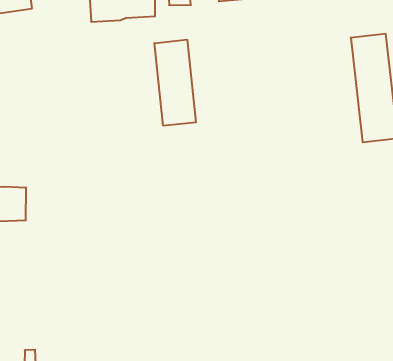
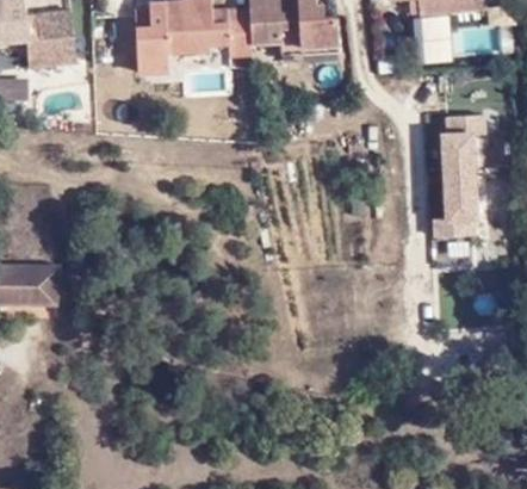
building: [154,40,196,126] -> none

